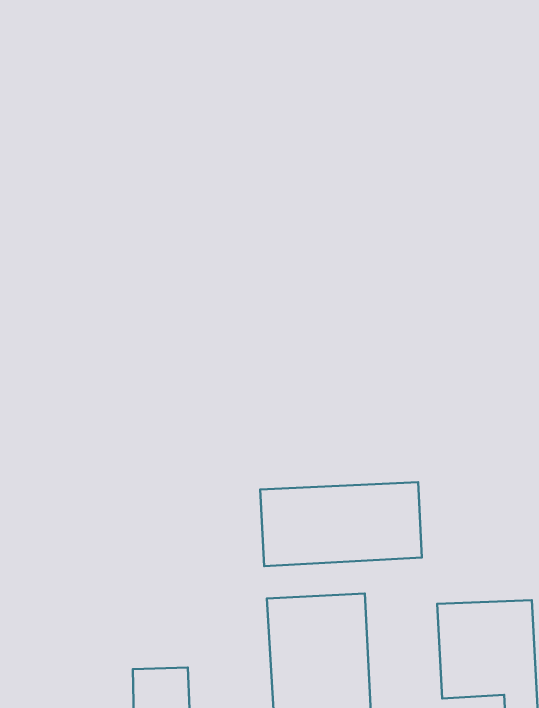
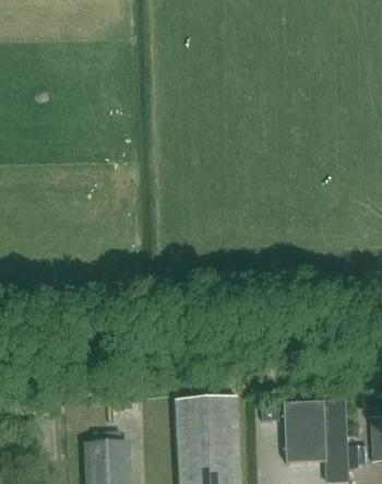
building: [260,482,422,566] -> none

